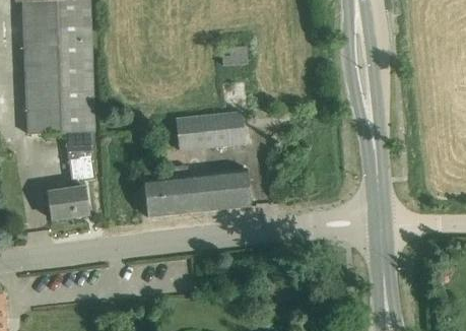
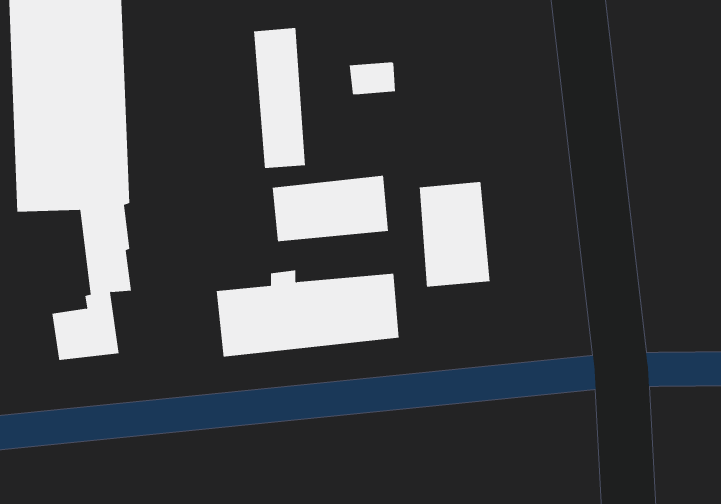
building: none -> [253,27,306,169]
building: none -> [419,181,490,288]

